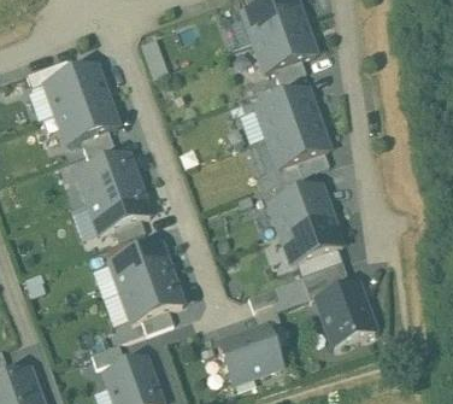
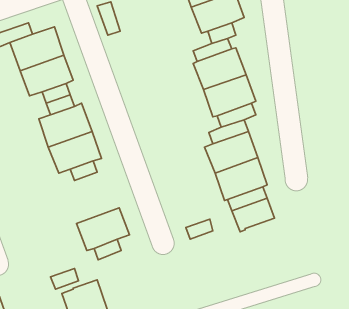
building: [108,246,170,295] -> none
building: [316,287,375,350] -> none
building: [217,329,281,388] -> none

